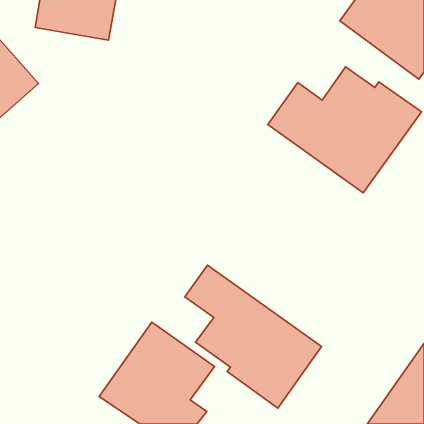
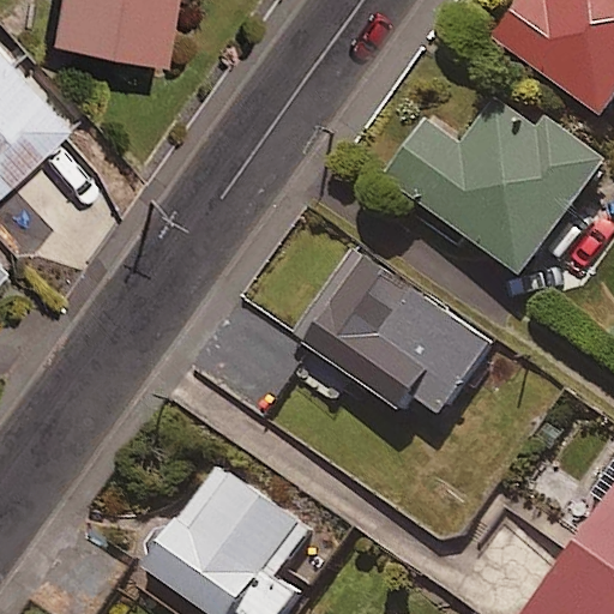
building: none -> [291,247,490,416]
building: [185,265,321,408] -> none

